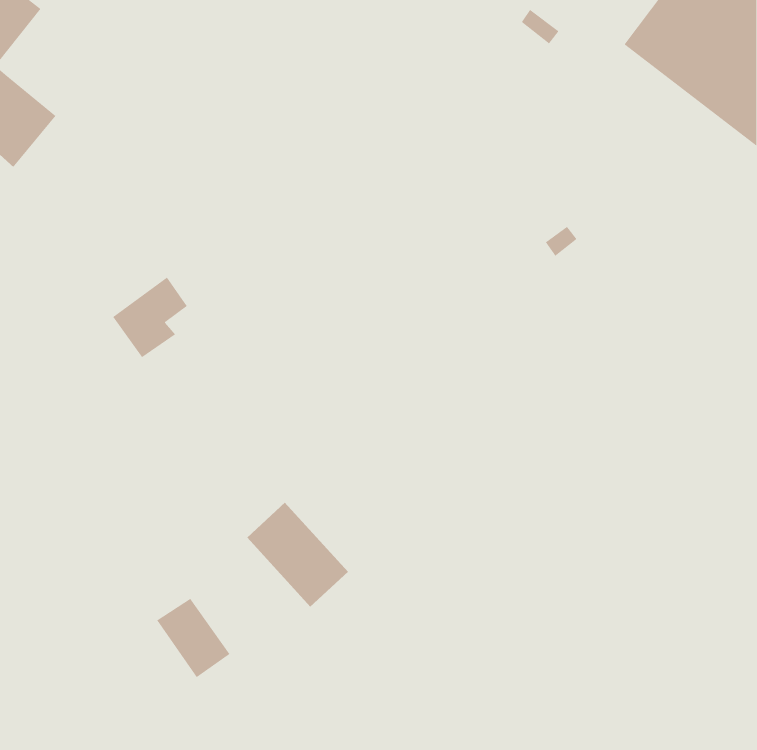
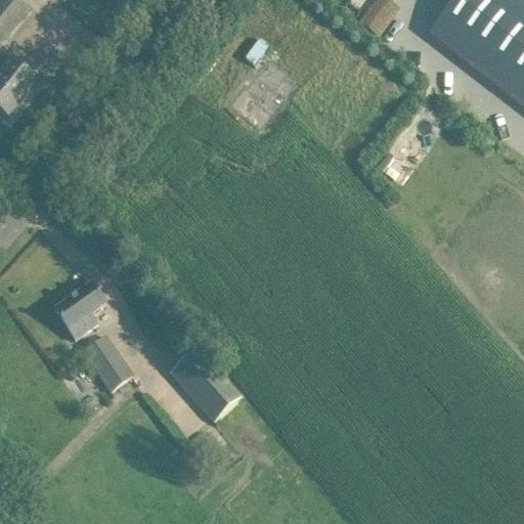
building: [112,277,188,358] -> [53,280,105,337]
building: [156,598,231,678] -> [82,334,133,389]

